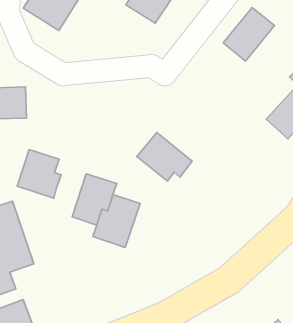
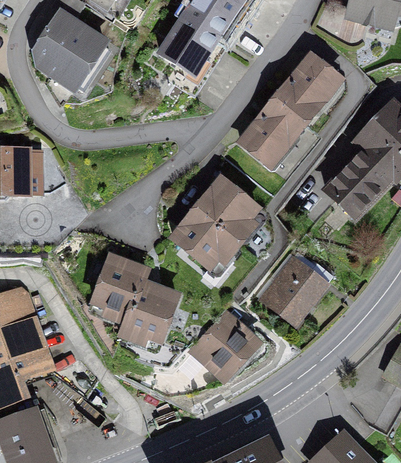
building: none -> [243,98,304,163]
building: none -> [197,177,255,241]
building: [17,149,61,198] -> none
building: none -> [264,259,327,322]
building: none -> [196,314,258,377]

